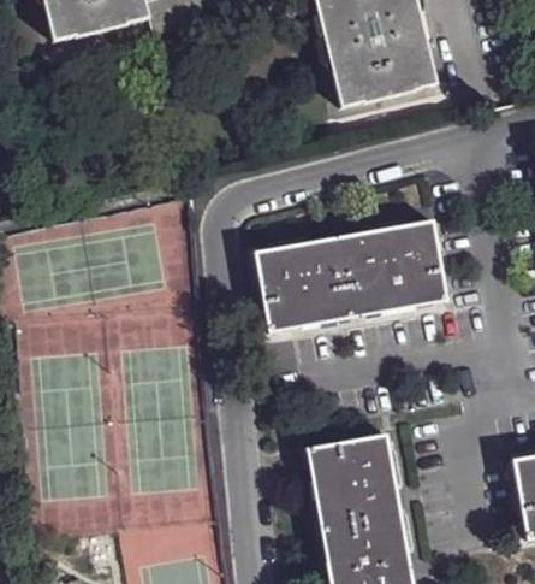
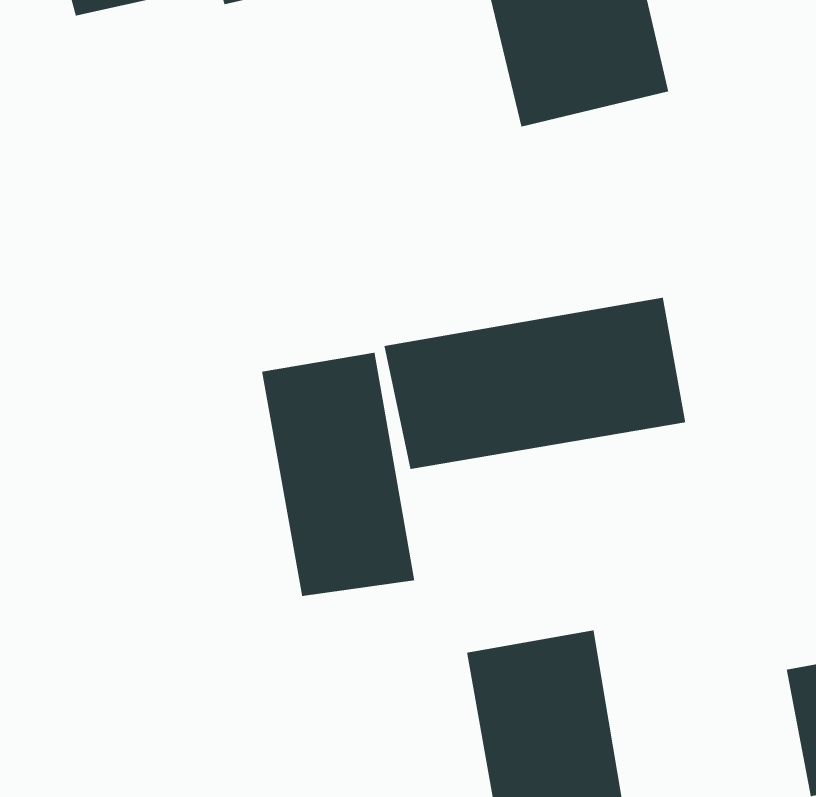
building: none -> [261,352,415,597]

